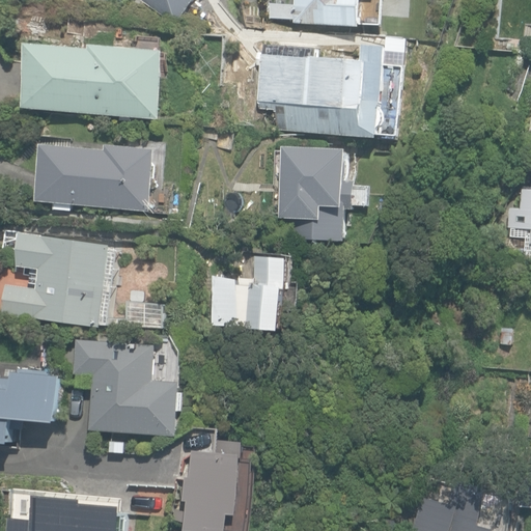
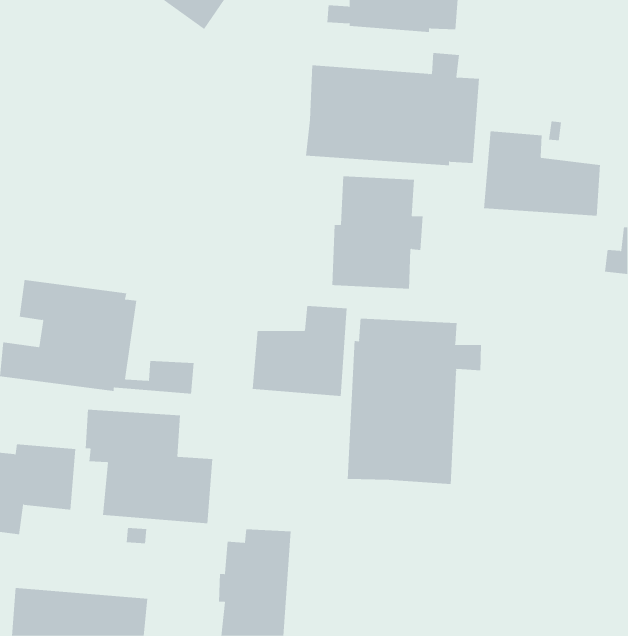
building: [23,44,162,118] -> none
building: none -> [483,131,601,217]
building: [33,143,151,212] -> none
building: none -> [347,318,482,485]

